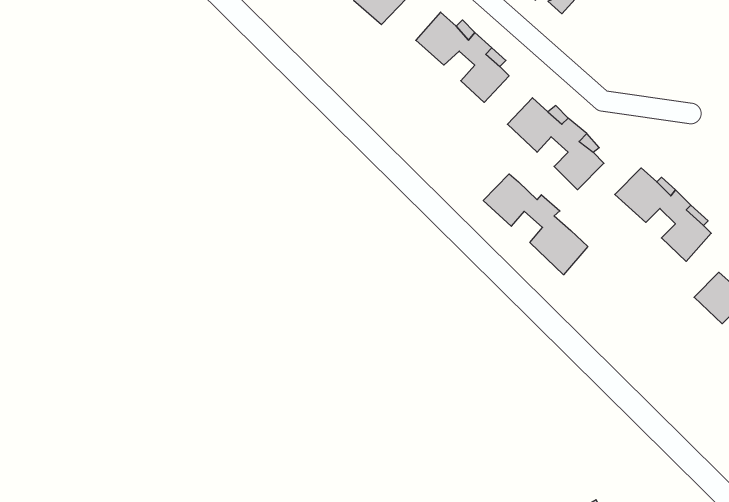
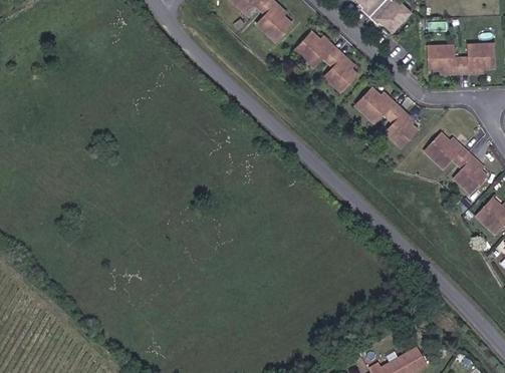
building: none -> [429,49,494,80]
building: [483,174,588,275] -> none

